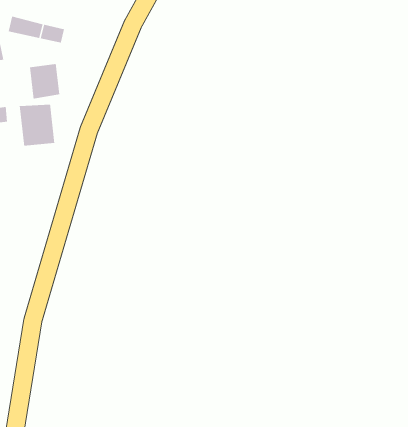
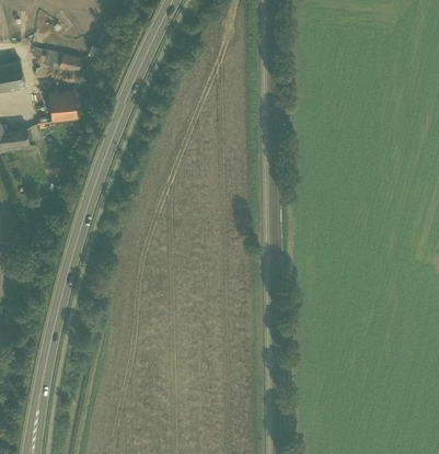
building: [19,104,55,146] -> none

